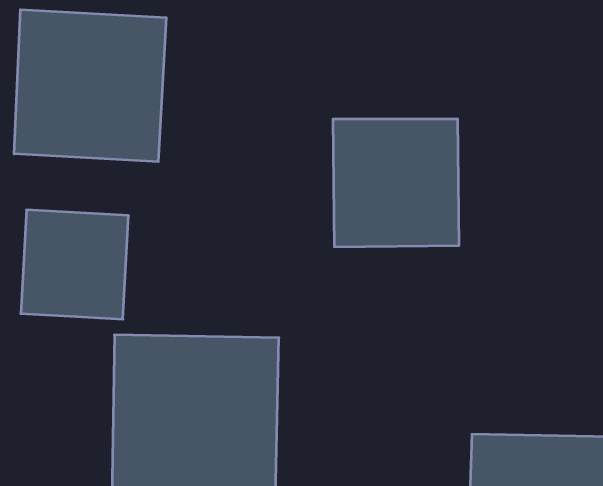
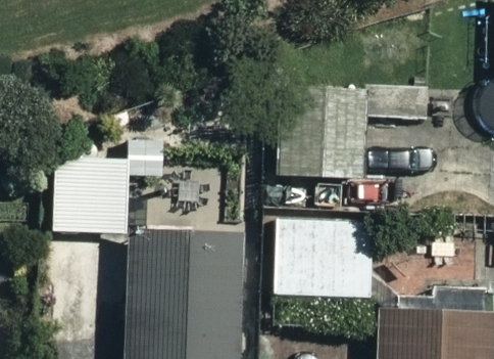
building: [14,10,166,162] -> none
building: none -> [277,219,379,298]

